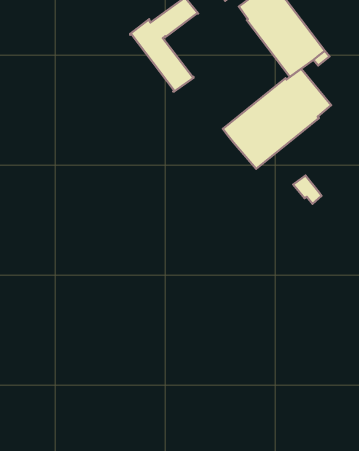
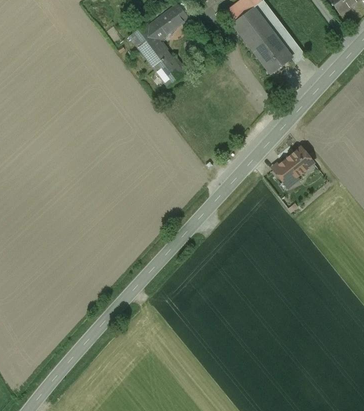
building: [223,69,331,169] -> none
building: none -> [284,146,313,175]

